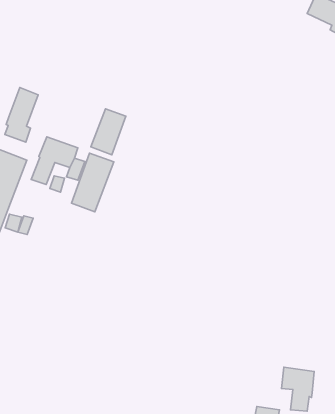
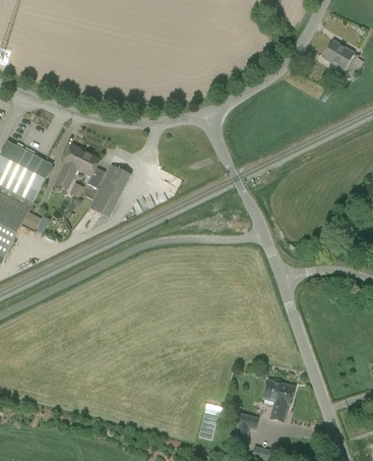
building: [5,88,38,142] -> none
building: [91,109,126,155] -> none

